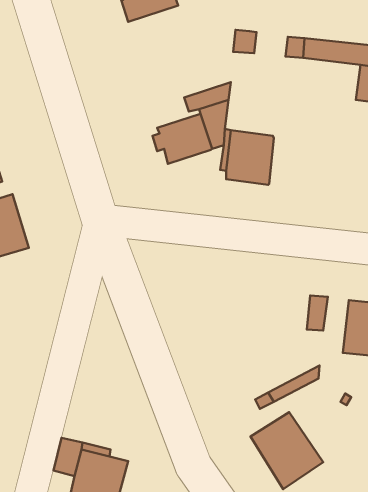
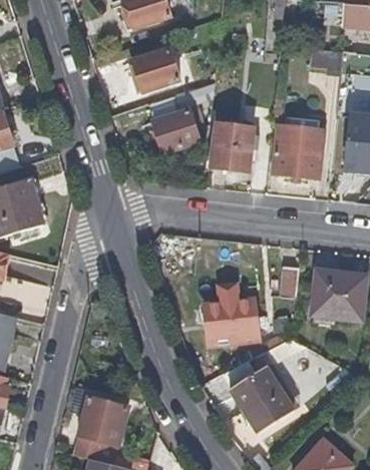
building: none -> [132,49,180,93]
building: none -> [274,124,327,178]
building: none -> [205,298,265,344]

